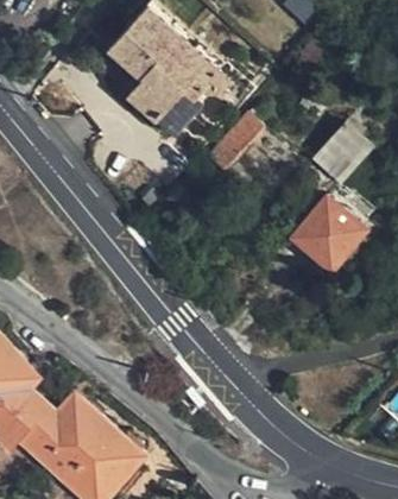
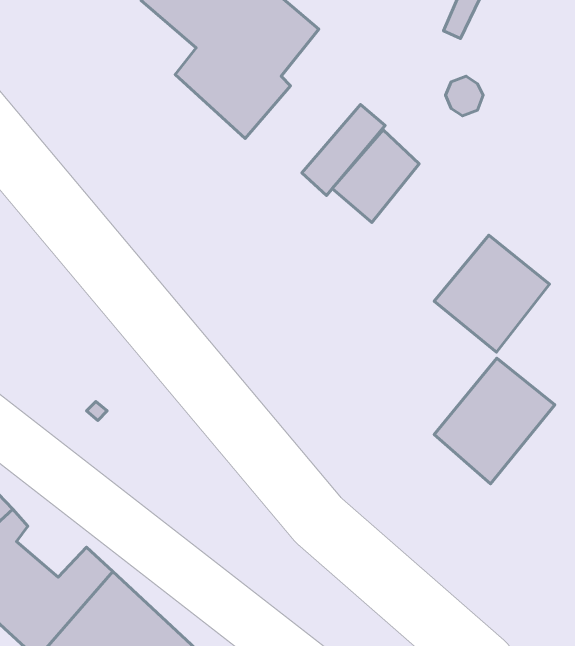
building: [315,125,369,183] -> [332,130,419,223]
building: none -> [434,358,555,484]

